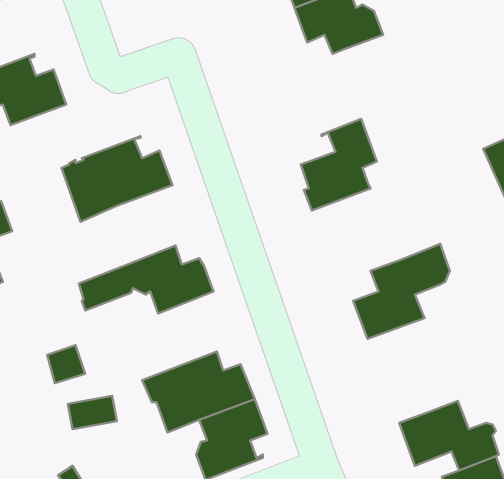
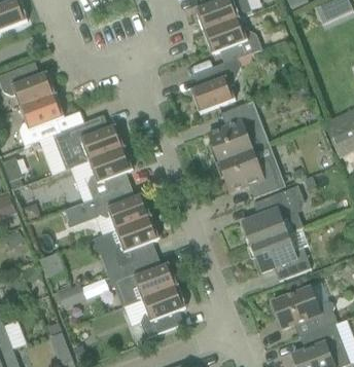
building: none -> [190,58,240,112]
building: none -> [19,94,65,146]
building: none -> [86,146,133,198]
building: none -> [215,148,279,197]
building: none -> [93,215,160,272]
building: none -> [251,227,311,280]

